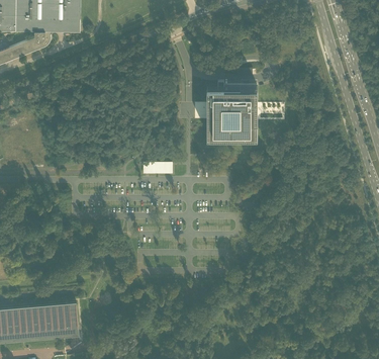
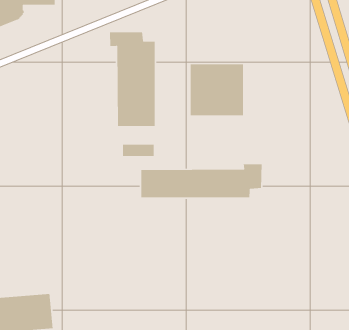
building: none -> [109,31,155,127]
building: none -> [140,163,263,198]

